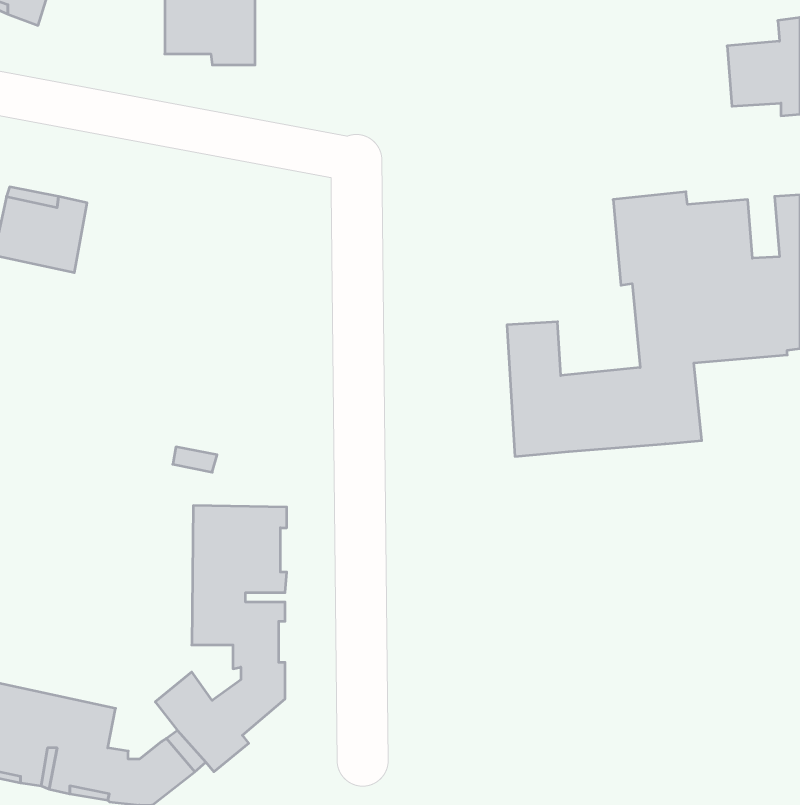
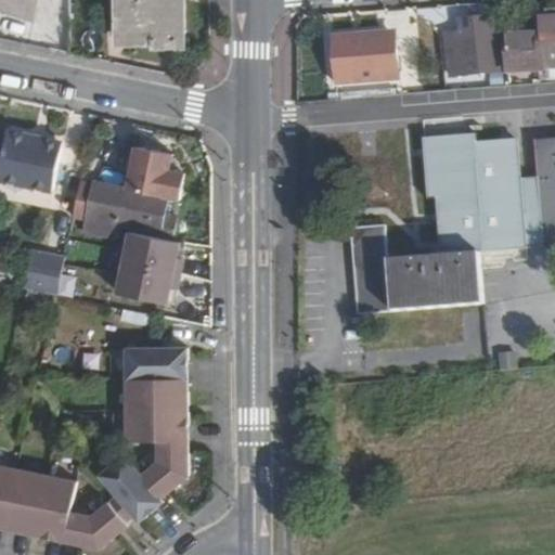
building: none -> [438,13,494,76]
building: none -> [326,27,393,85]
building: none -> [70,144,182,299]
building: none -> [24,246,61,289]

